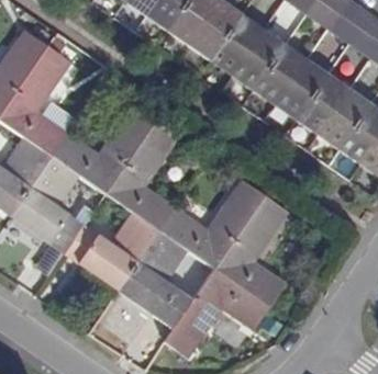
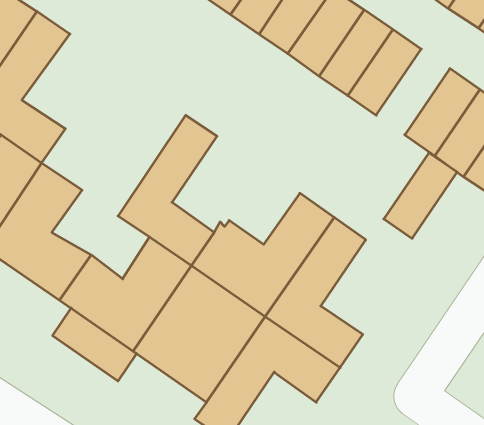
building: [297,72,351,135] -> [384,153,457,238]
building: [52,103,157,194] -> none
building: none -> [53,308,136,381]

